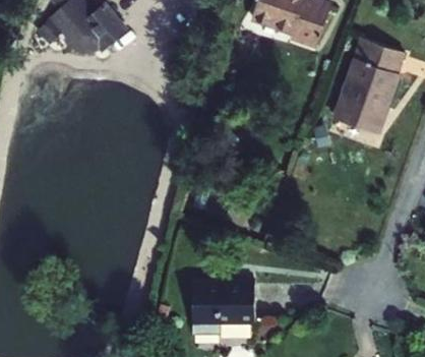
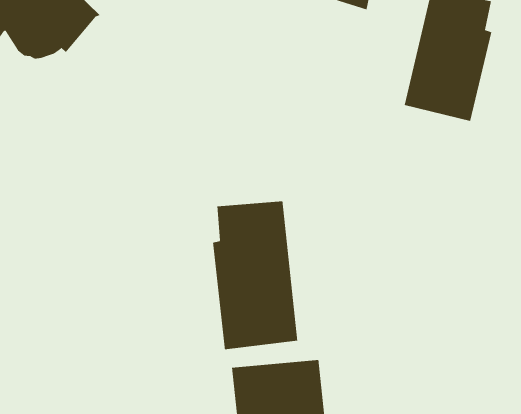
building: none -> [213,201,298,350]

